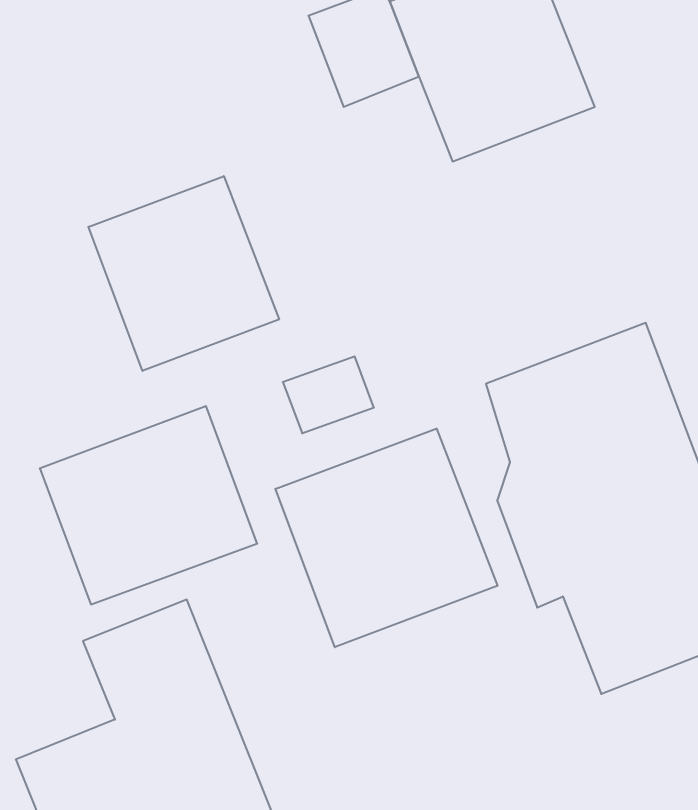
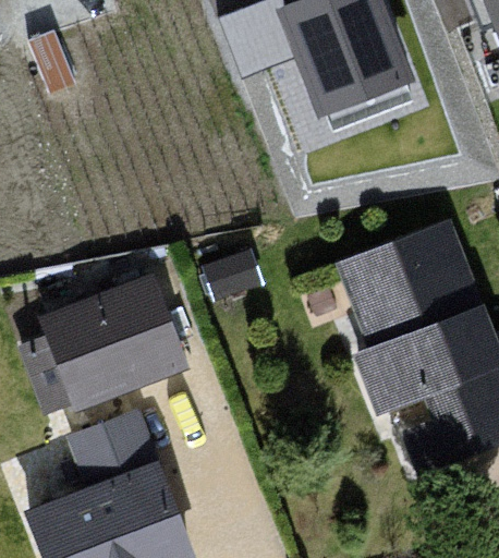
building: [88,176,279,371] -> none
building: [275,429,497,647] -> none

